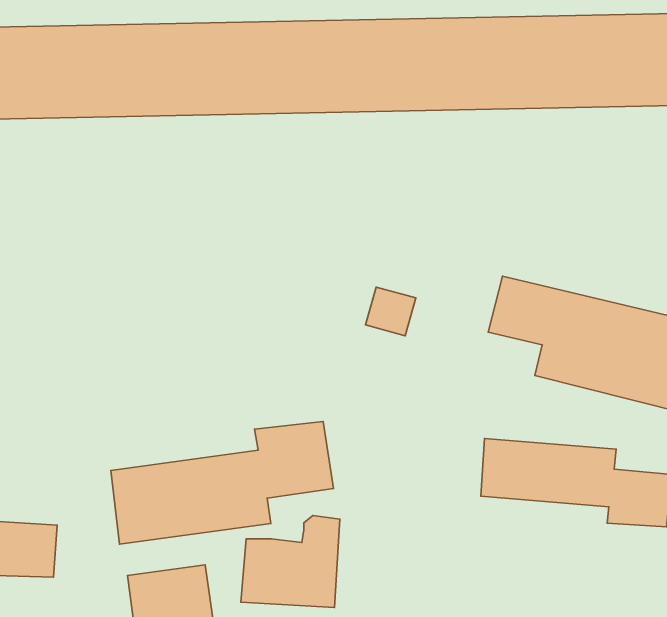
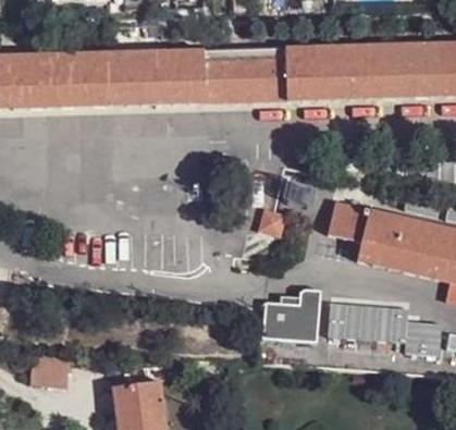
building: [111,422,334,544] -> none
building: [241,516,340,607] -> [260,287,320,343]

